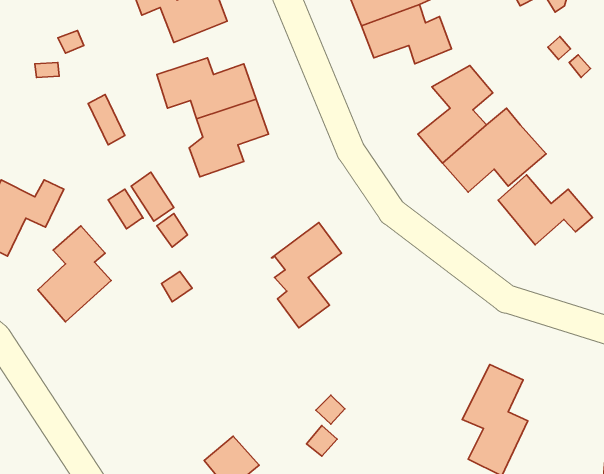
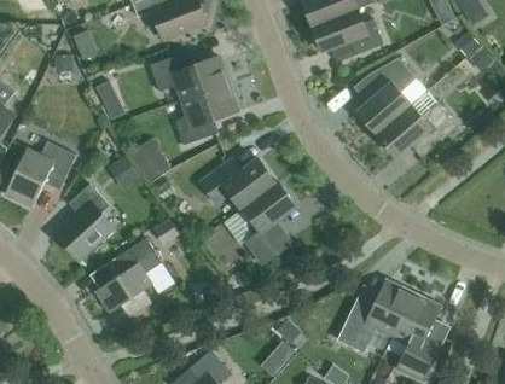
building: [498,175,593,245] -> none
building: none -> [199,158,278,209]
building: none -> [95,238,162,316]
building: none -> [337,280,413,353]

